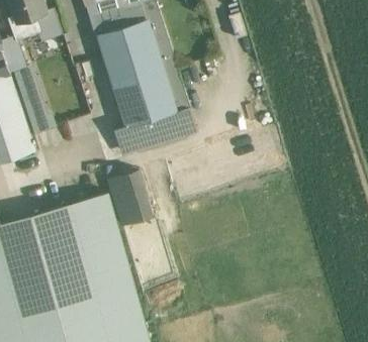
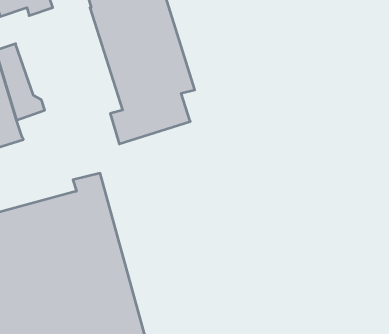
building: [105,170,154,229] -> none

